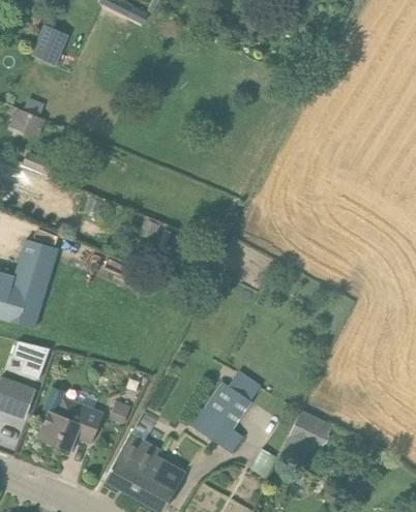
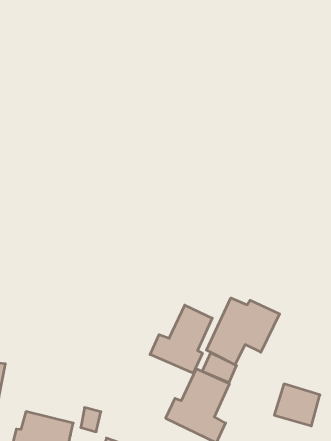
building: none -> [150,305,212,373]
building: none -> [206,298,280,365]

